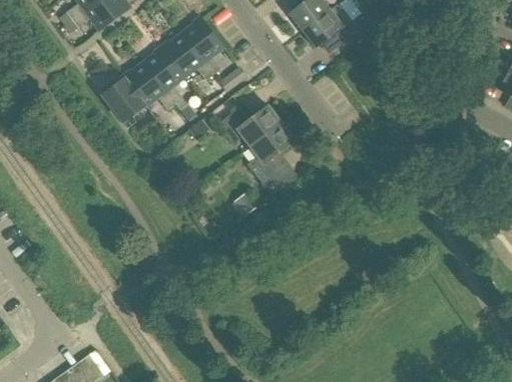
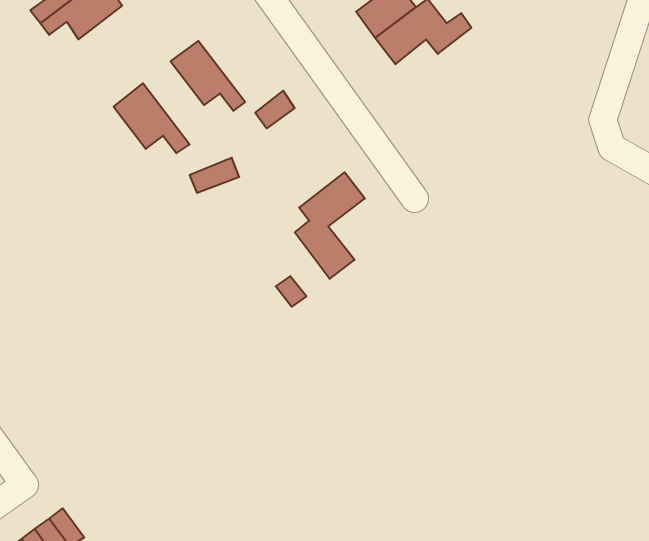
building: [181,17,224,74] -> none
building: [143,46,185,103] -> none
building: [105,77,145,127] -> none
building: [217,104,282,146] -> none

